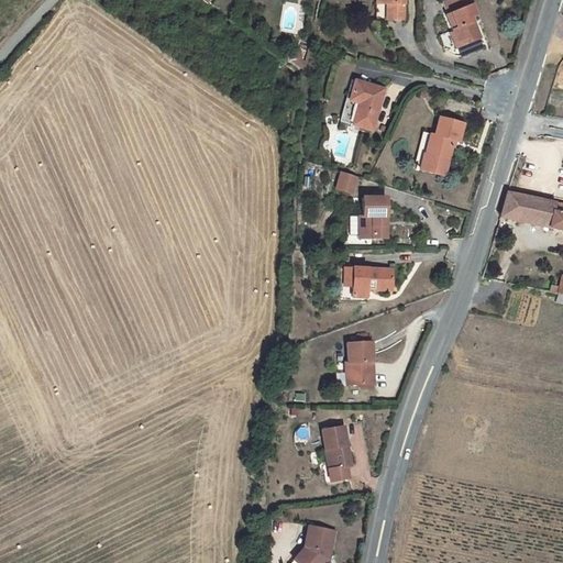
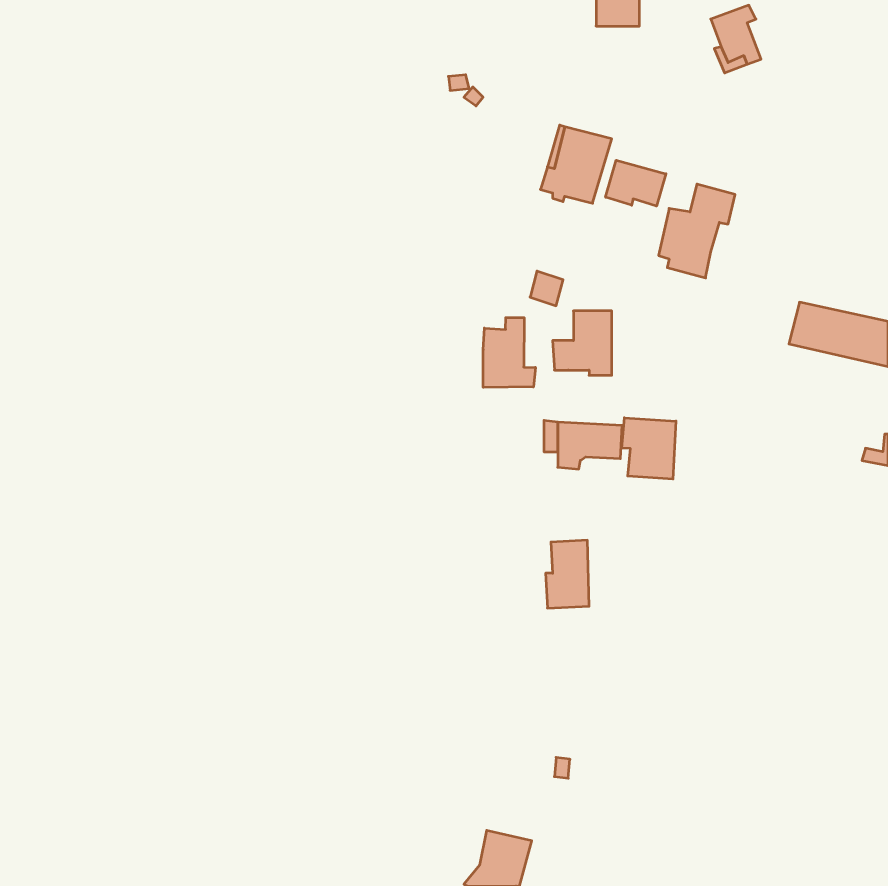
building: none -> [606,160,666,206]
building: none -> [483,318,535,387]
building: none -> [622,418,676,479]
building: [323,424,352,479] -> none

